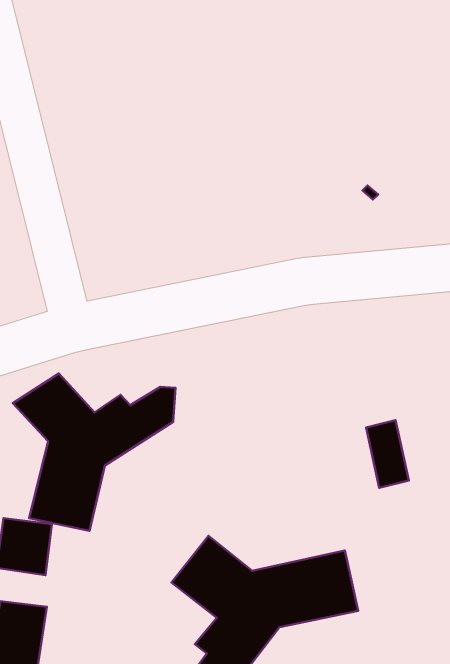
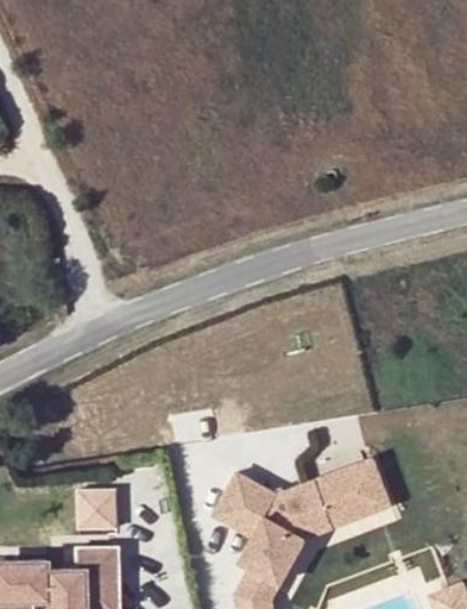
building: [13,374,176,531] -> none
building: [366,420,409,488] -> [349,459,390,515]

